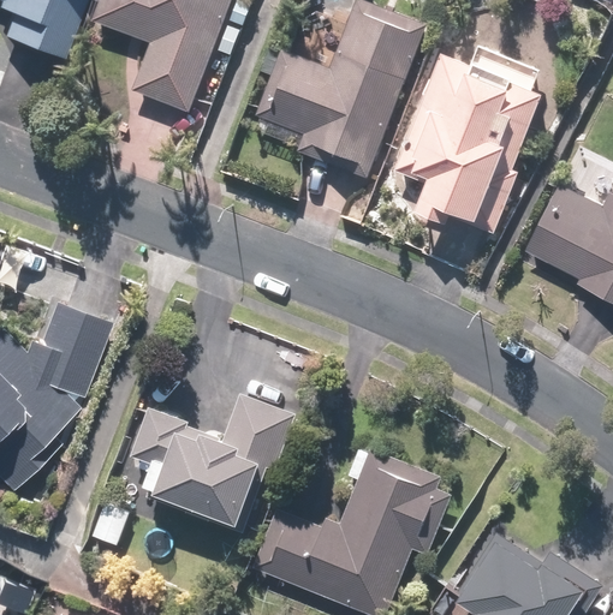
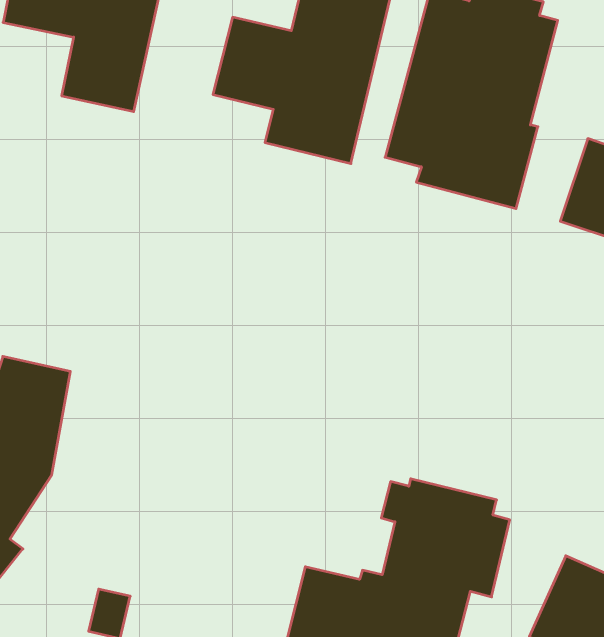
building: [133,392,298,521] -> none

